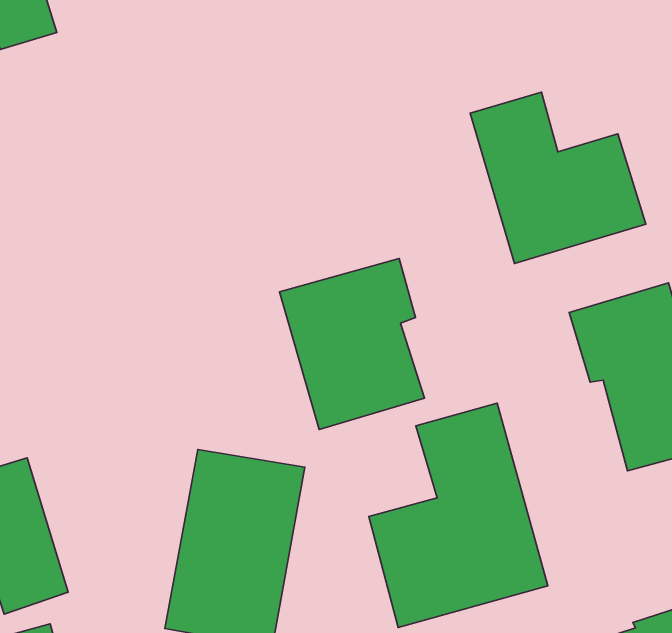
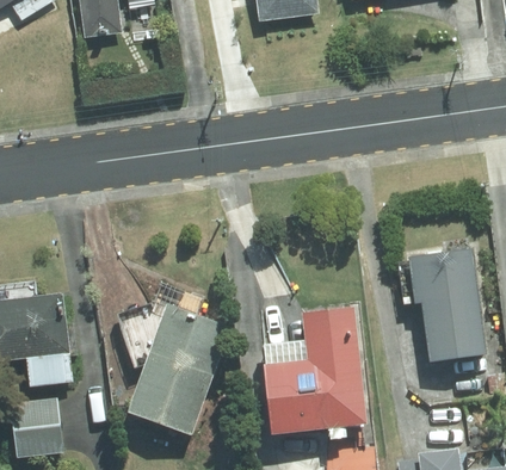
building: [470,92,646,263] -> none
building: [280,259,425,429] -> none

